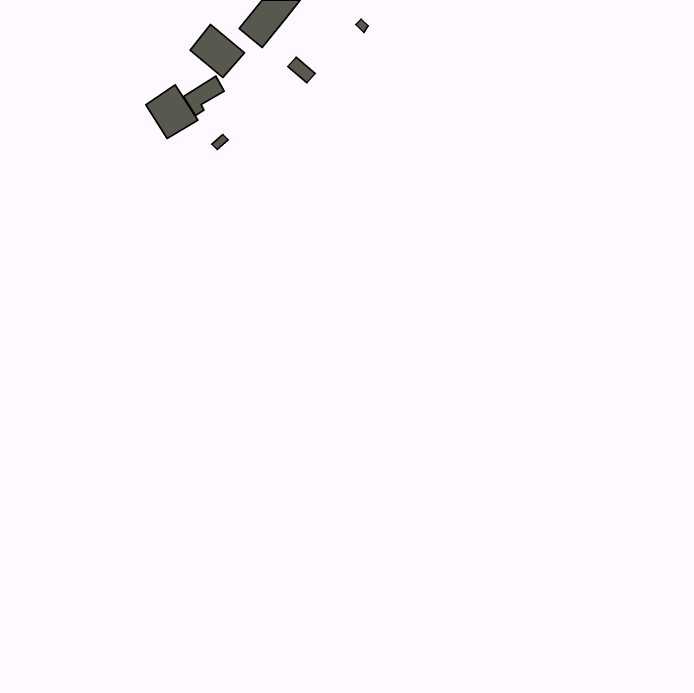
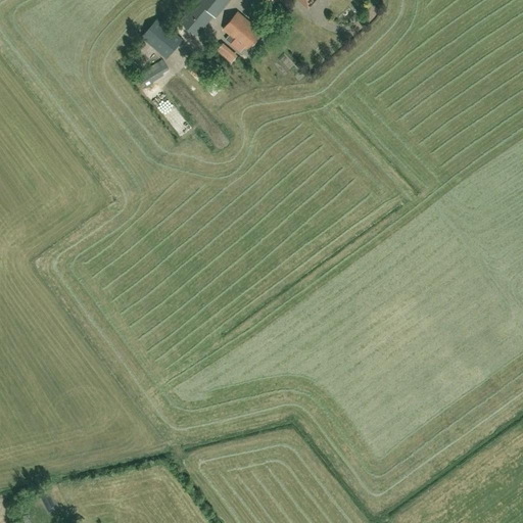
building: none -> [223,12,263,50]
building: [146,85,198,139] -> none

